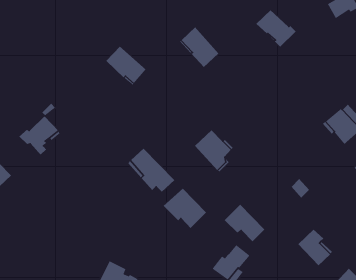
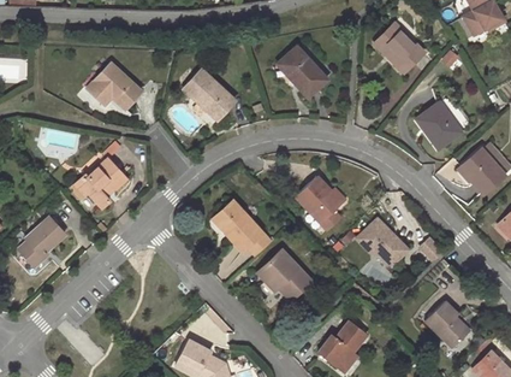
building: none -> [88,64,142,108]
building: none -> [416,102,461,148]
building: [224,204,265,242] -> [356,217,408,265]

